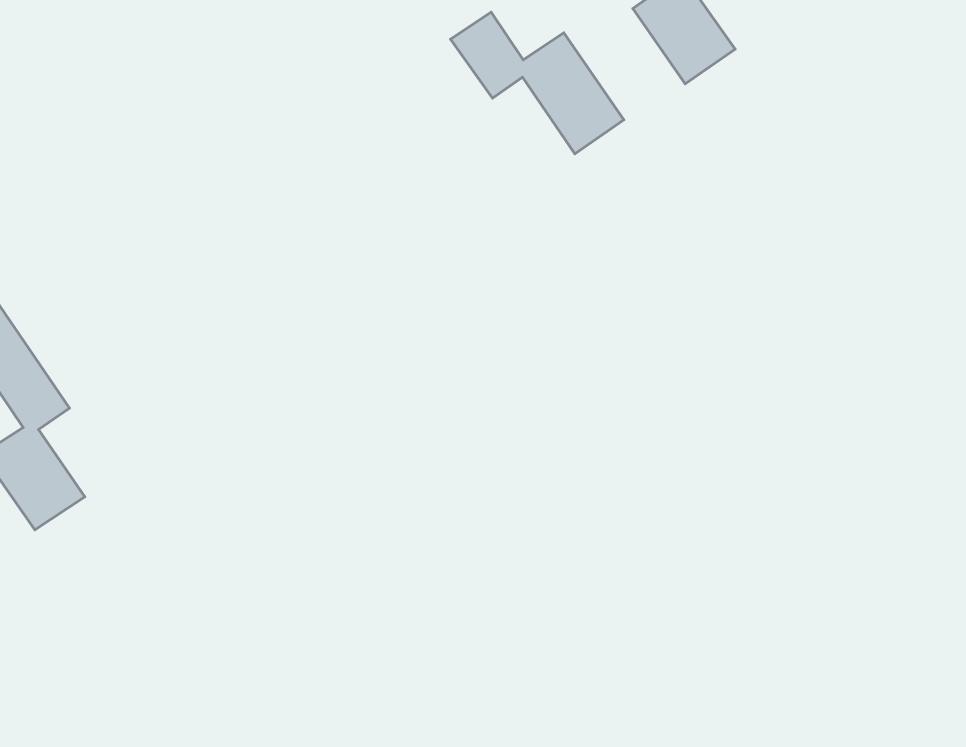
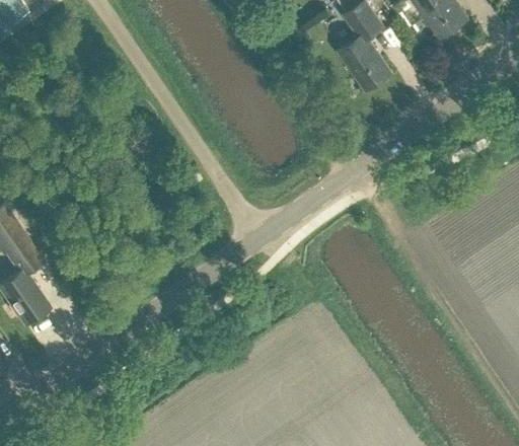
building: [451,12,624,154] -> none

